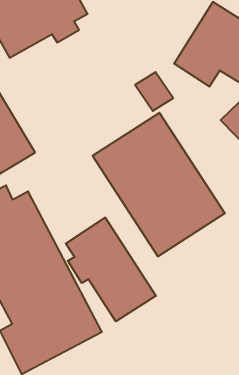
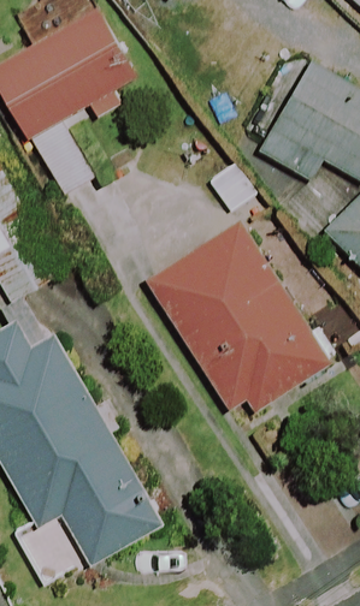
building: [66,217,156,321] -> none

